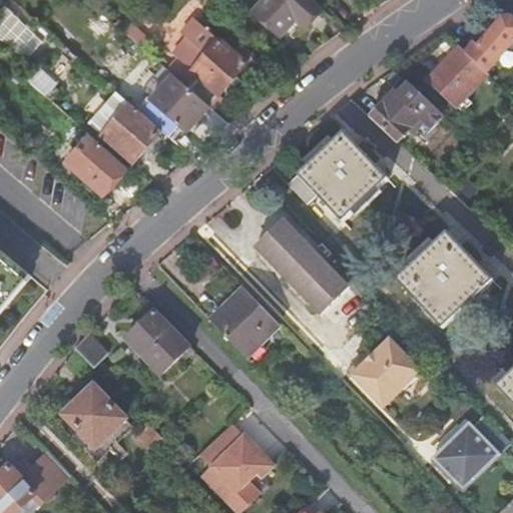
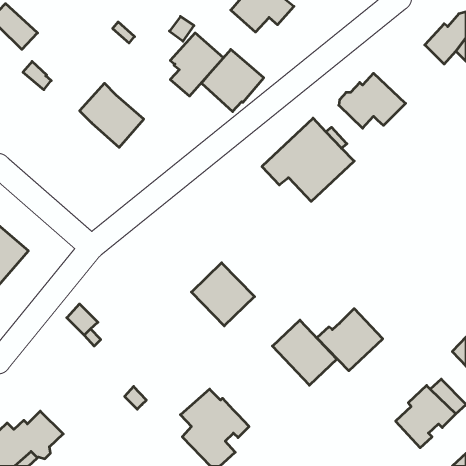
building: [429,45,487,104] -> none
building: [139,74,207,142] -> [201,49,264,112]
building: [64,134,126,195] -> none
building: [254,219,346,311] -> none
building: [395,229,493,327] -> none
building: [123,309,188,373] -> none
building: none -> [272,320,337,385]
building: [63,385,124,446] -> none

